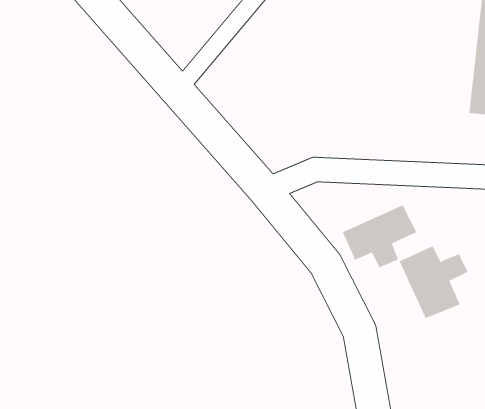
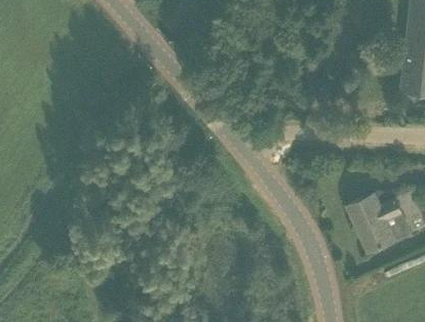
building: [342,204,417,268] -> none

